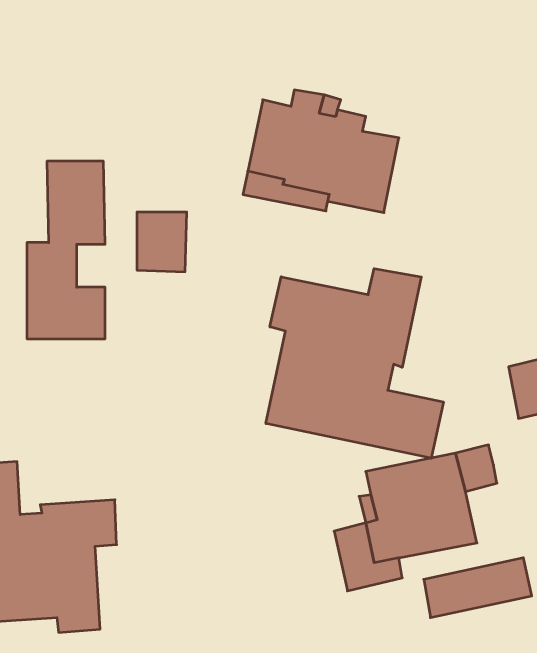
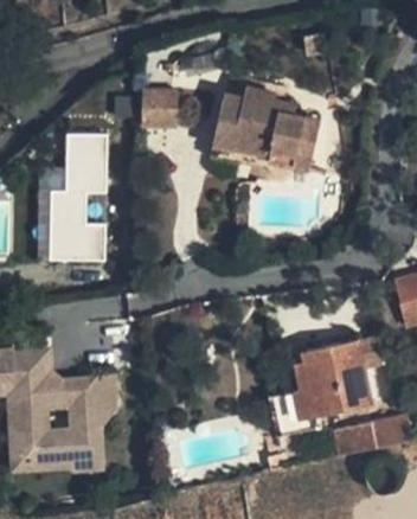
building: [137,212,187,272] -> [140,85,175,128]
building: [266,269,443,458] -> none

